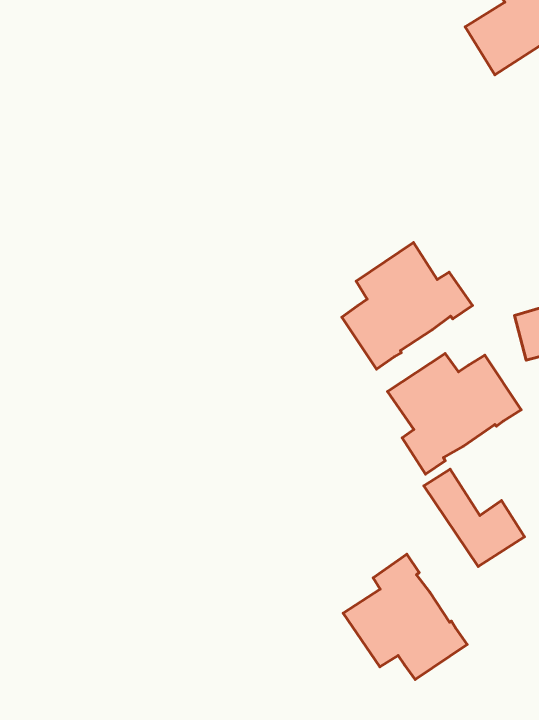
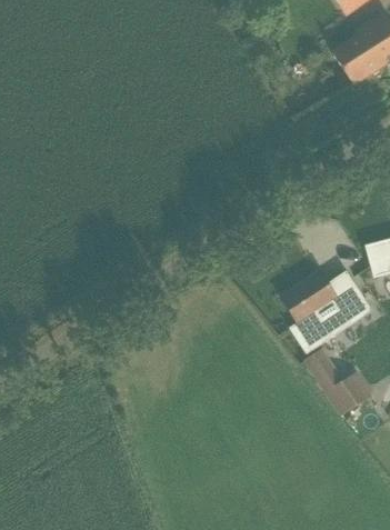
building: [342,242,473,369] -> none
building: [343,554,467,679] -> none

